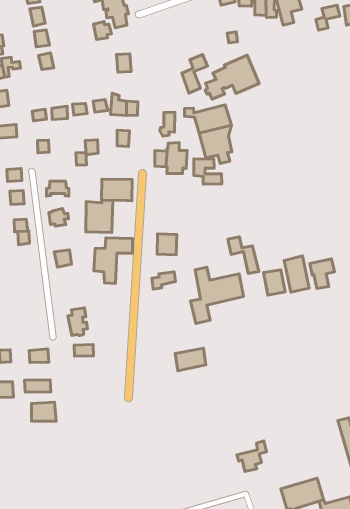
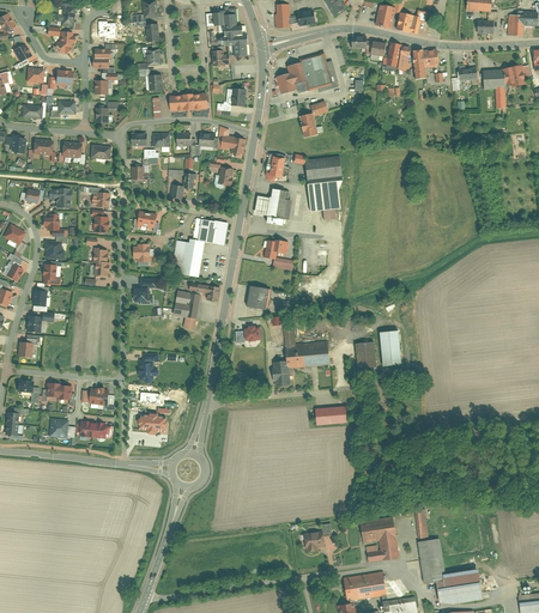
building: [205,55,259,99] -> [277,53,335,95]
building: none -> [168,92,207,111]
building: [194,159,222,184] -> [264,239,293,271]
building: [228,237,259,274] -> none
building: [310,259,334,289] -> none
building: [175,348,206,371] -> [314,406,345,426]
building: [31,402,56,421] -> [139,414,166,437]
building: none -> [359,517,399,563]

